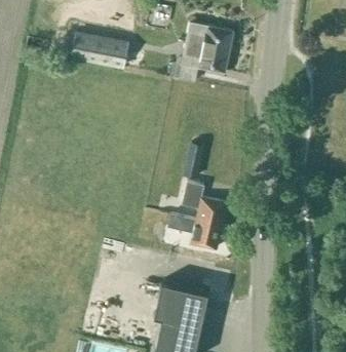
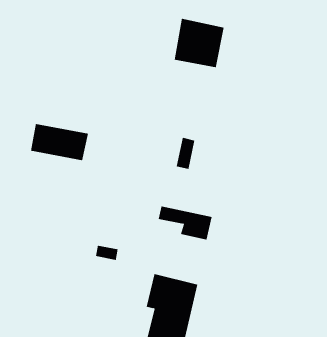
building: [70,33,129,71] -> [30,123,89,161]
building: [181,183,227,226] -> none

